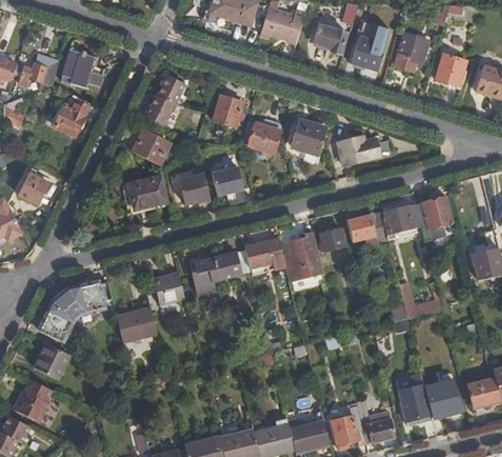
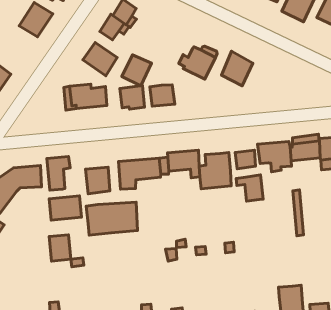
building: [211,93,243,127] -> [122,55,152,86]
building: [336,133,381,162] -> none
building: none -> [236,175,263,201]
building: none -> [47,156,70,190]
building: none -> [86,202,137,235]
building: none -> [49,235,71,261]

